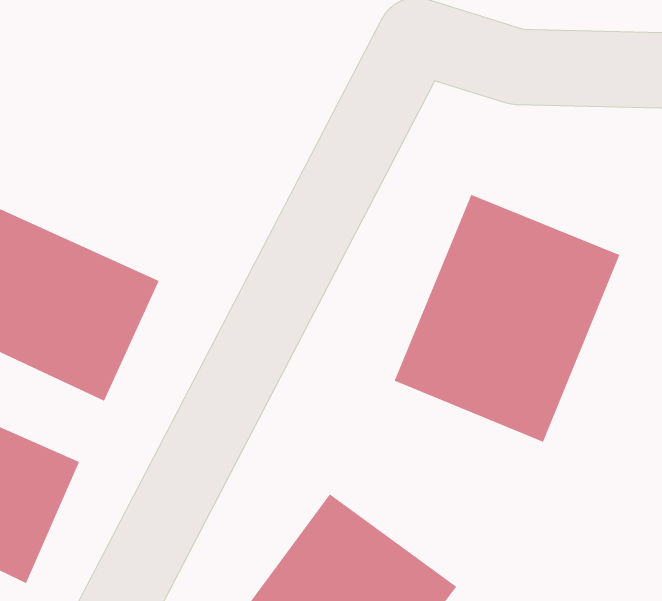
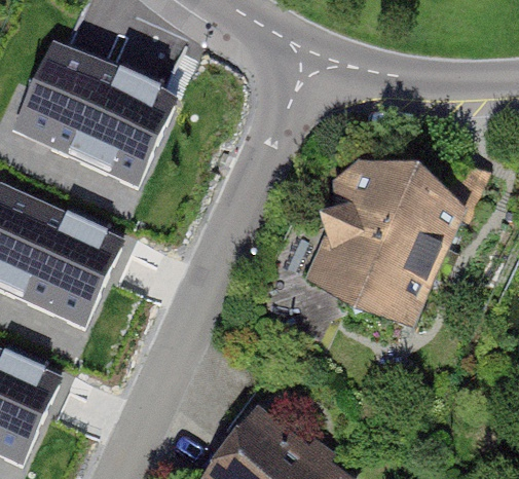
building: none -> [11,38,172,181]

